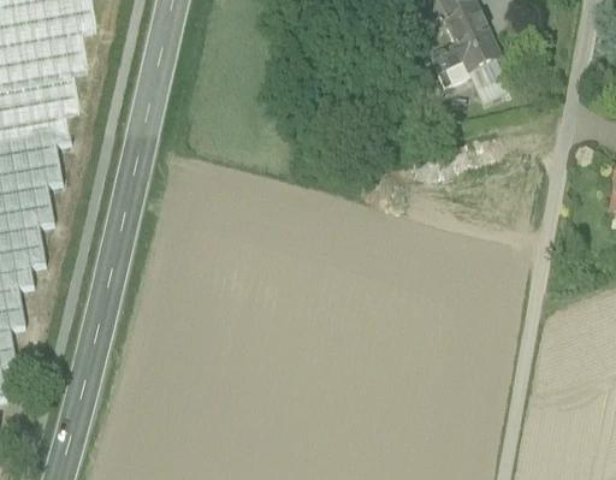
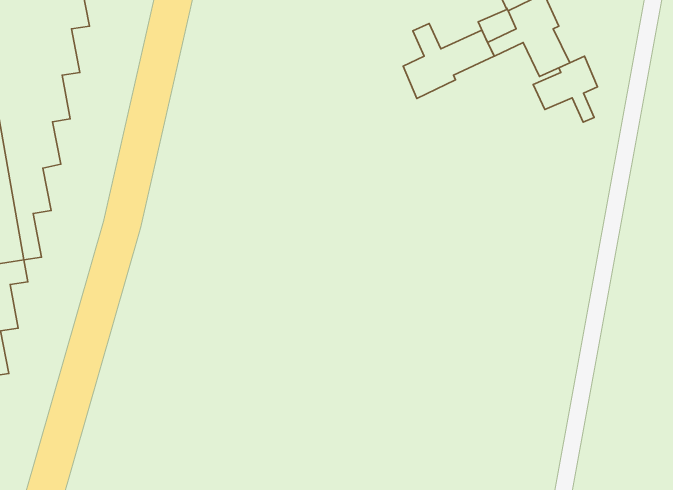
building: none -> [403,24,494,98]
building: none -> [533,56,597,122]

